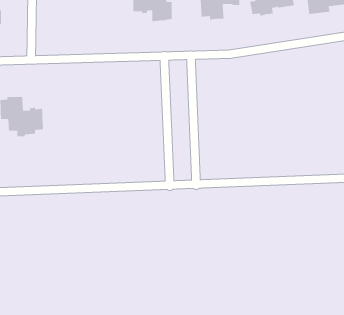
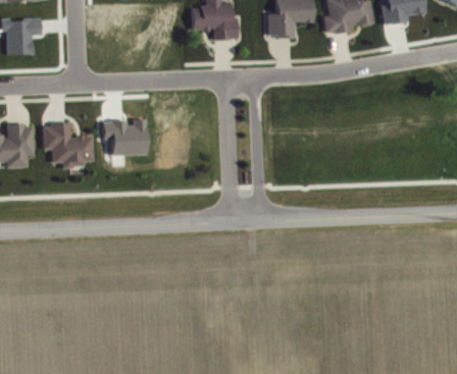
building: none -> [107,125,151,161]

